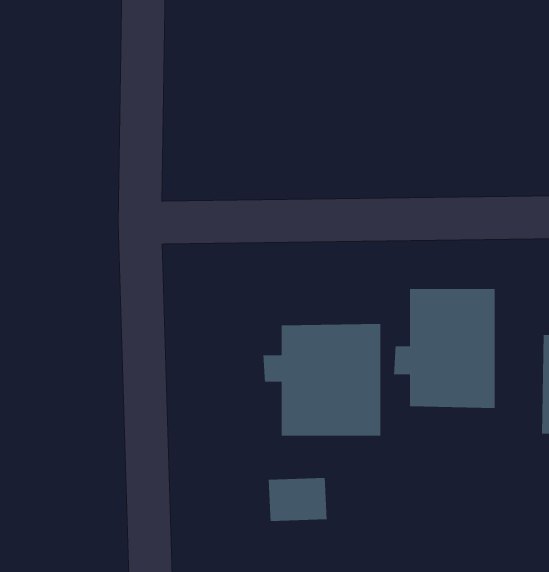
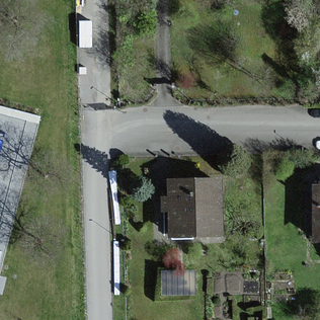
building: [393,288,495,409] -> none

